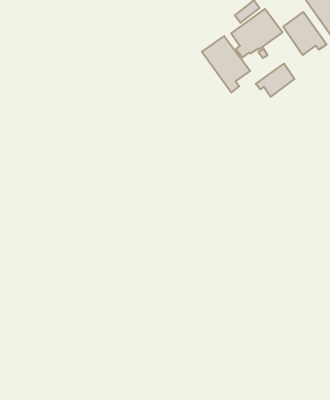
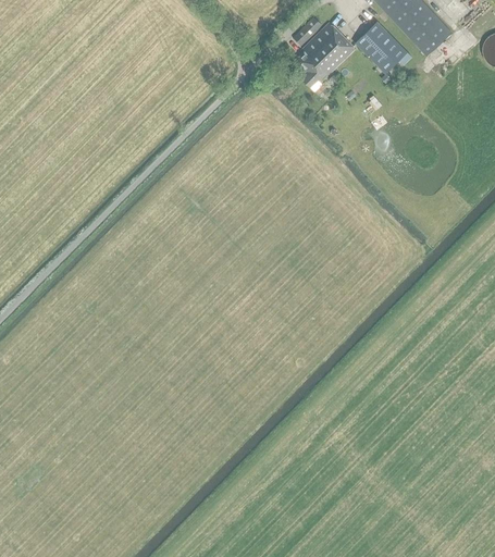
building: [202,36,250,93] -> none
building: [256,64,295,97] -> none

